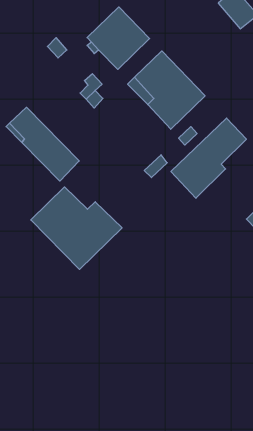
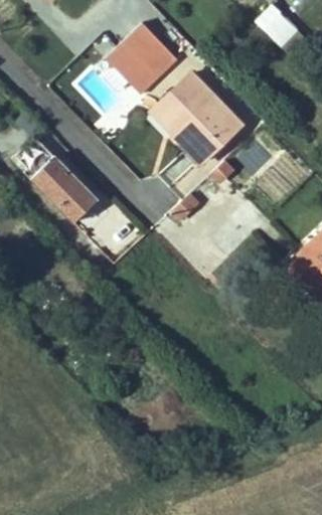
building: [171,118,246,198] -> none
building: [31,187,122,269] -> none

